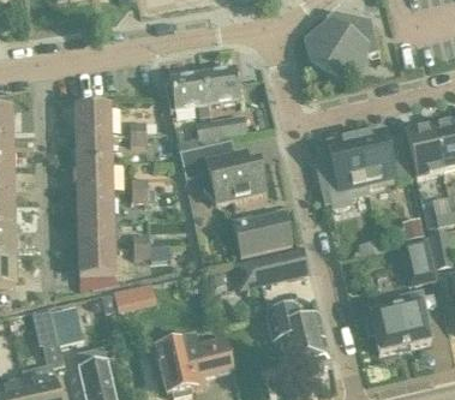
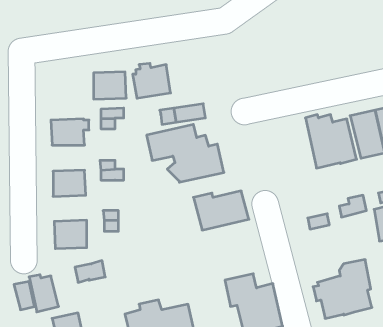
building: [305,10,378,77] -> none
building: [202,64,239,103] -> none
building: [74,103,110,133] -> [94,72,126,99]
building: [313,131,367,207] -> none
building: [76,161,112,190] -> none
building: [77,216,114,245] -> none
building: [399,237,435,283] -> none
building: [252,245,309,282] -> none

